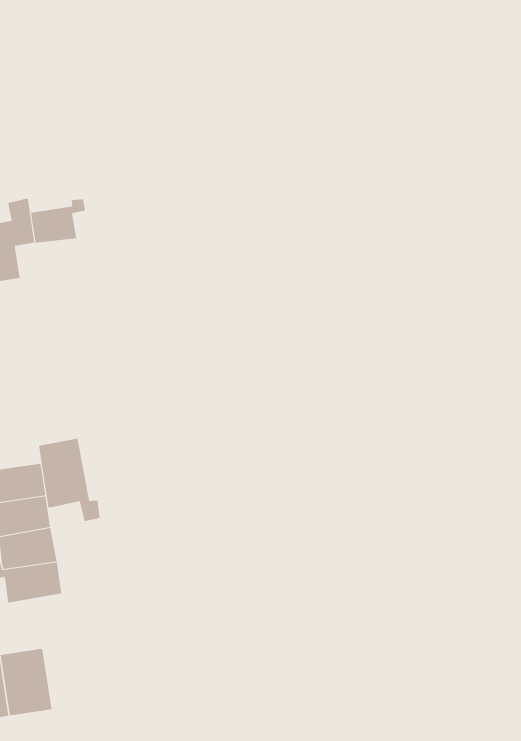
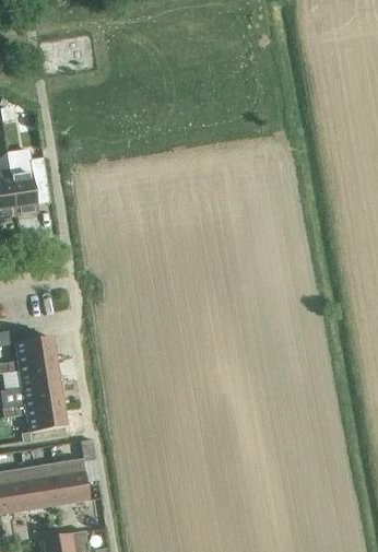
building: [30,198,86,243] -> none
building: [38,438,100,522] -> none
building: none -> [52,458,88,504]

